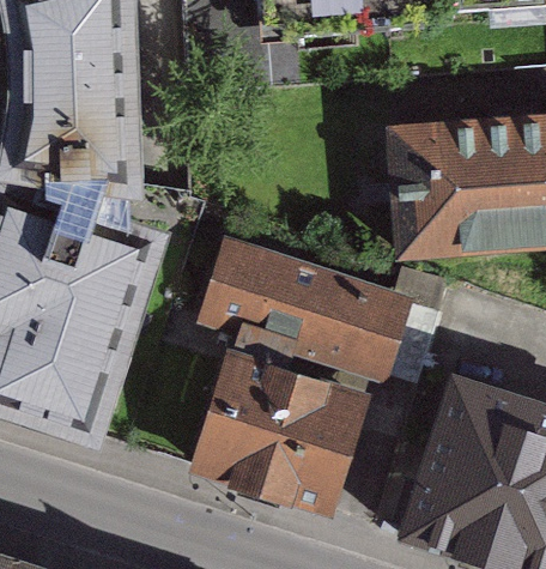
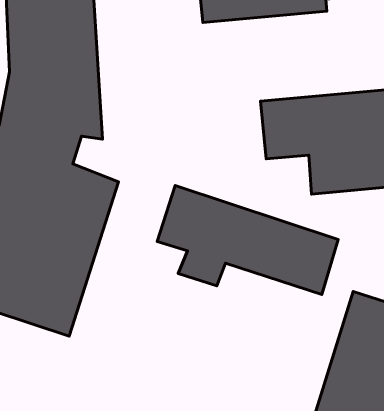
building: [194,351,363,502] -> none

